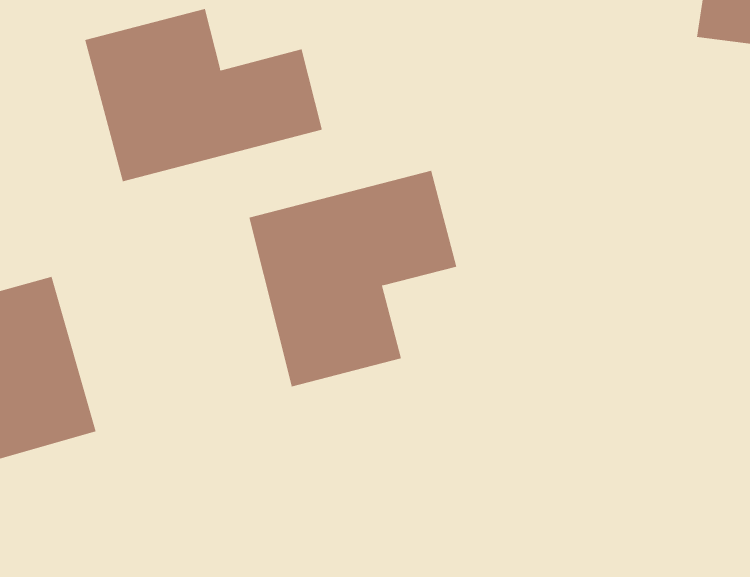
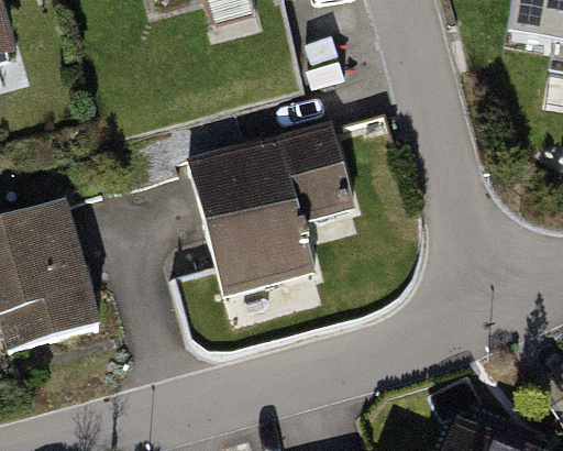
building: [84,8,322,182] -> none

